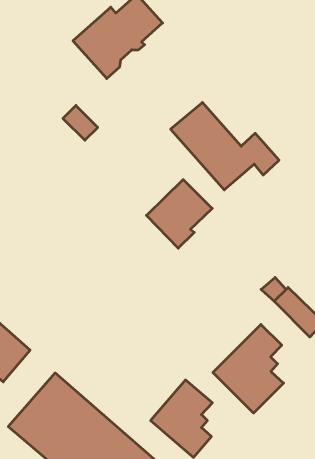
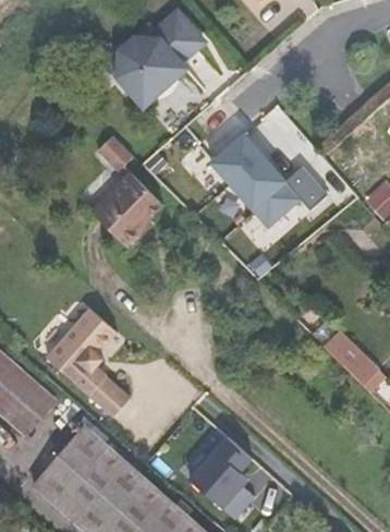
building: [146,180,212,248] -> [95,169,167,244]
building: none -> [44,311,126,419]
building: [213,324,284,413] -> none

